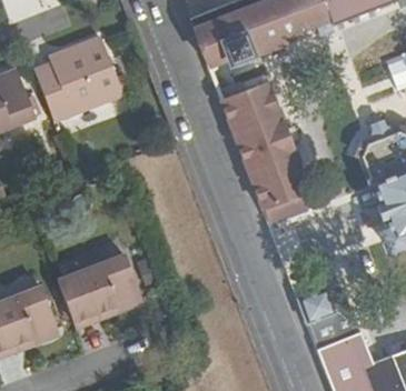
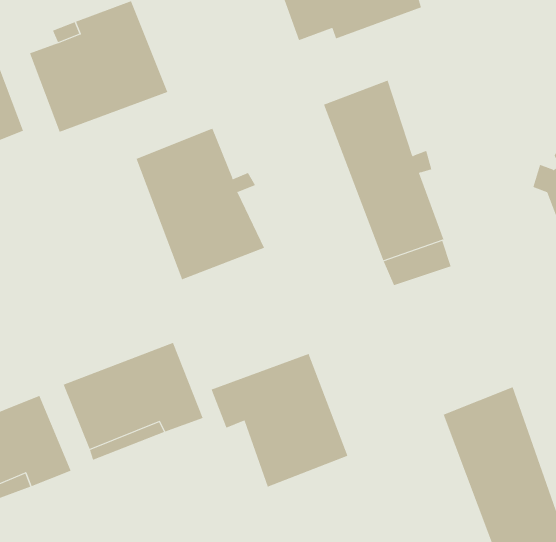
building: none -> [136,127,265,280]
building: none -> [211,353,348,487]

